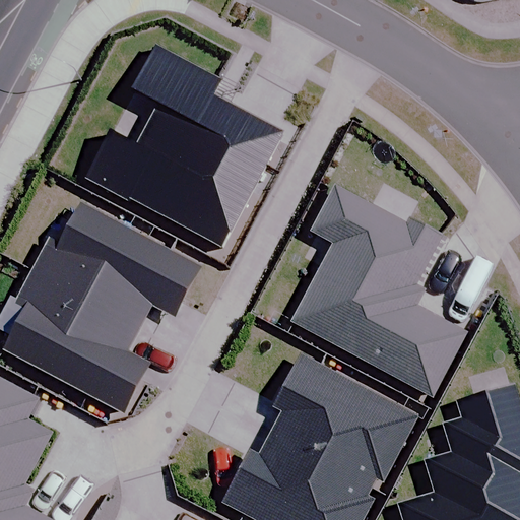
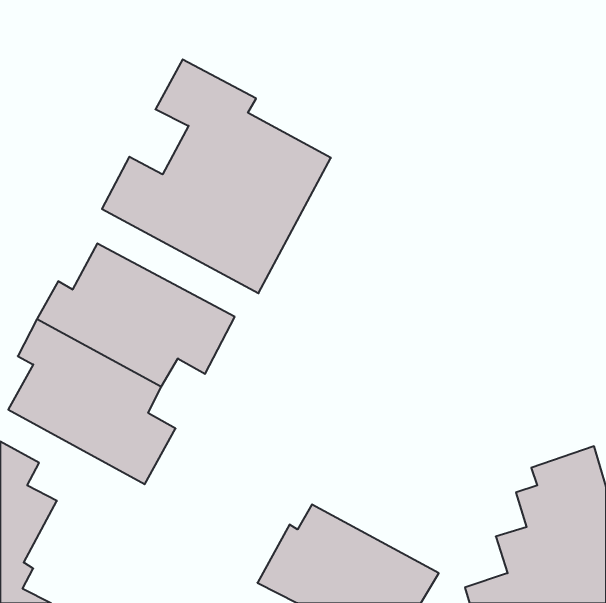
building: [292,185,463,393] -> none
building: [267,352,416,491] -> none

